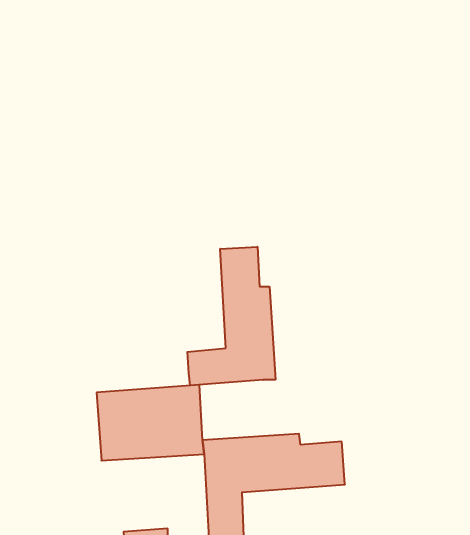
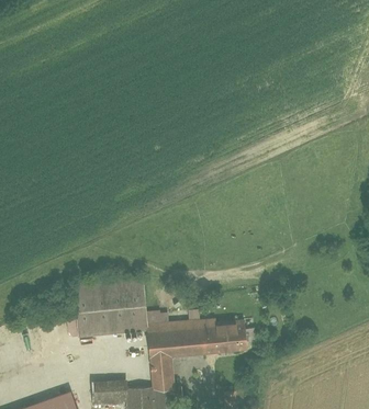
building: [187,247,275,385] -> none

